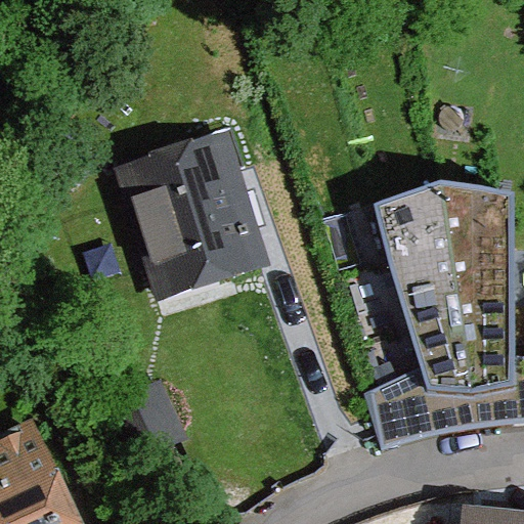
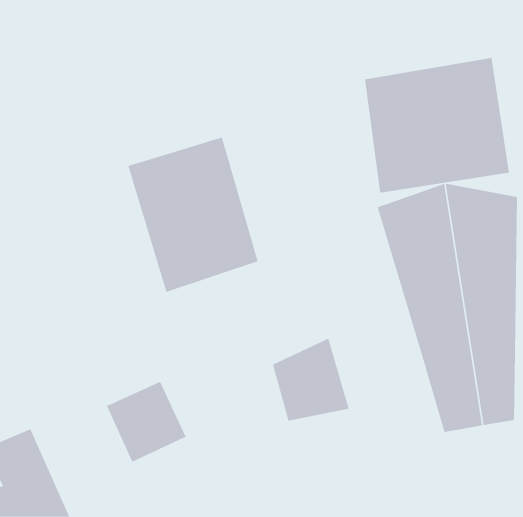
building: none -> [365,57,510,194]
building: [364,359,441,442] -> [272,338,350,421]

